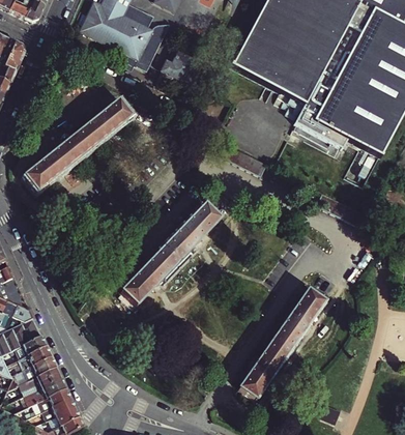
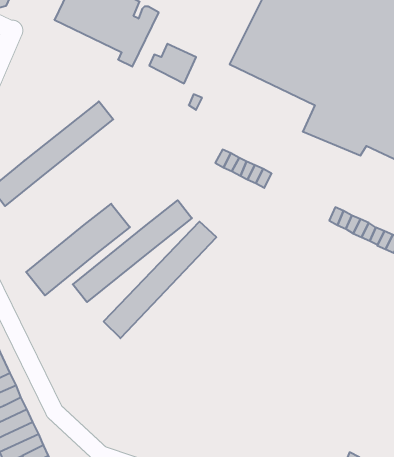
building: none -> [73,200,192,302]
building: none -> [26,204,130,295]
building: [239,290,324,399] -> none

